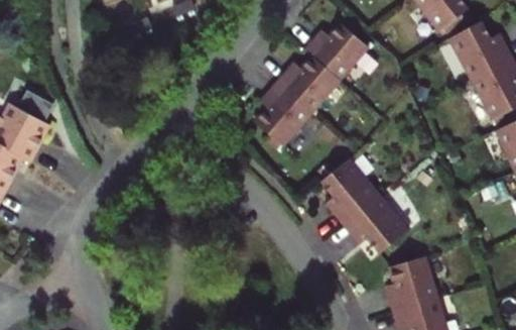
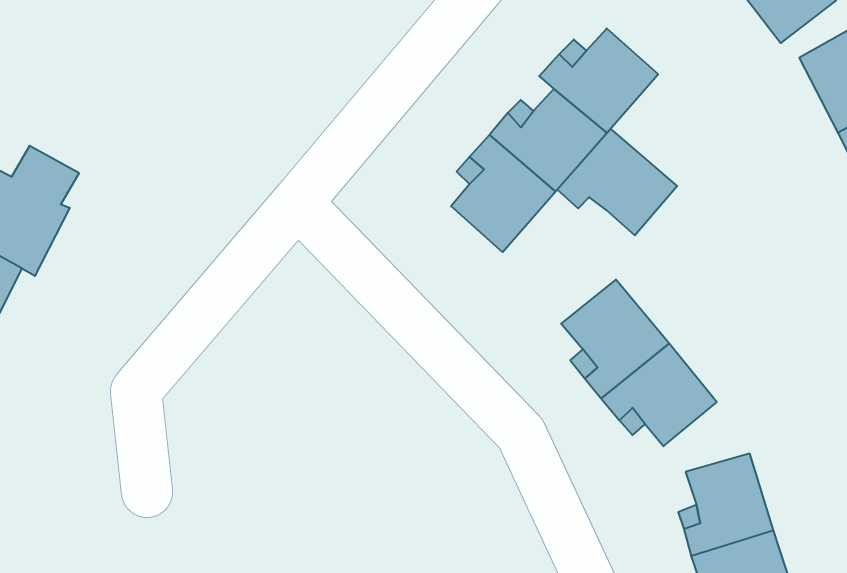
building: none -> [557,129,677,235]

